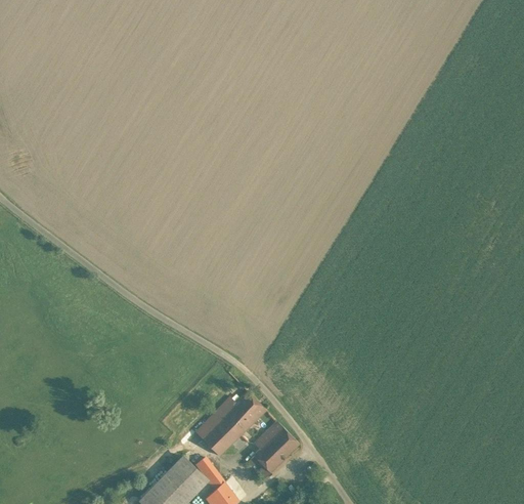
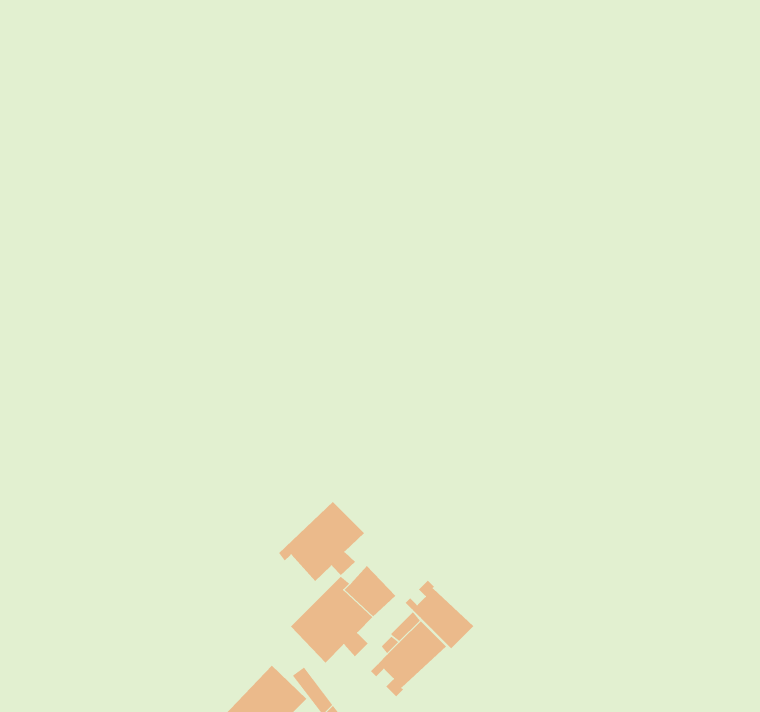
building: none -> [278,501,365,582]
building: none -> [405,580,474,649]

